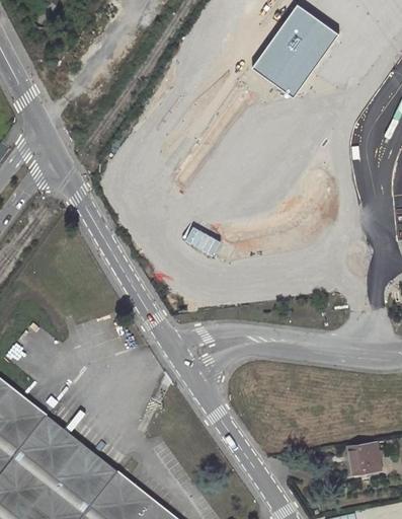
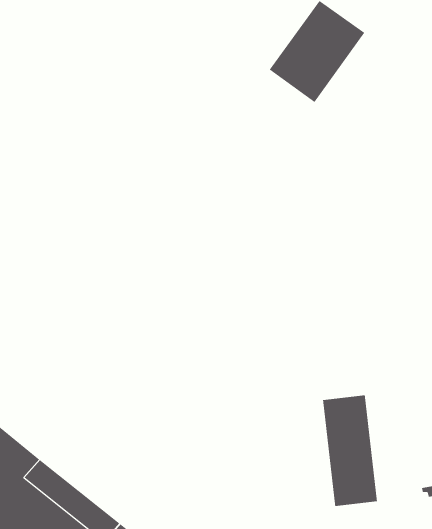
building: none -> [323,394,378,507]
building: [348,443,379,472] -> none

